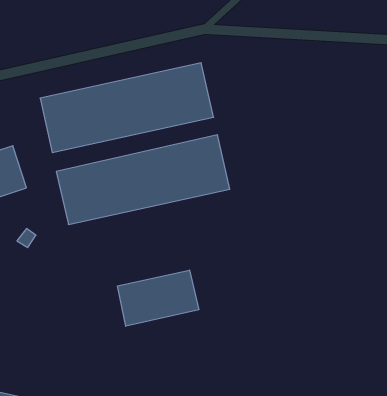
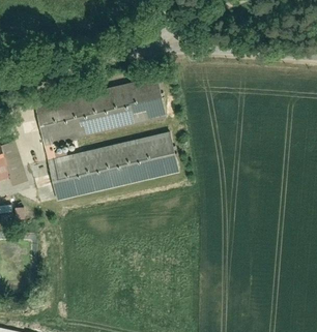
building: [118,270,199,326] -> none

